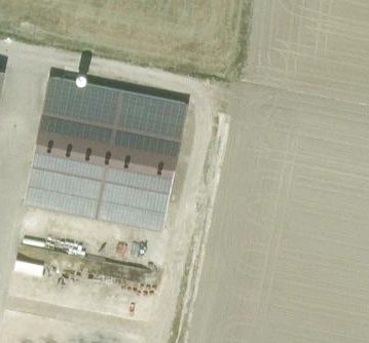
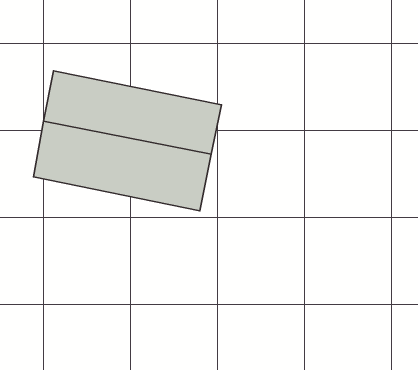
building: [25,163,169,231] -> none

